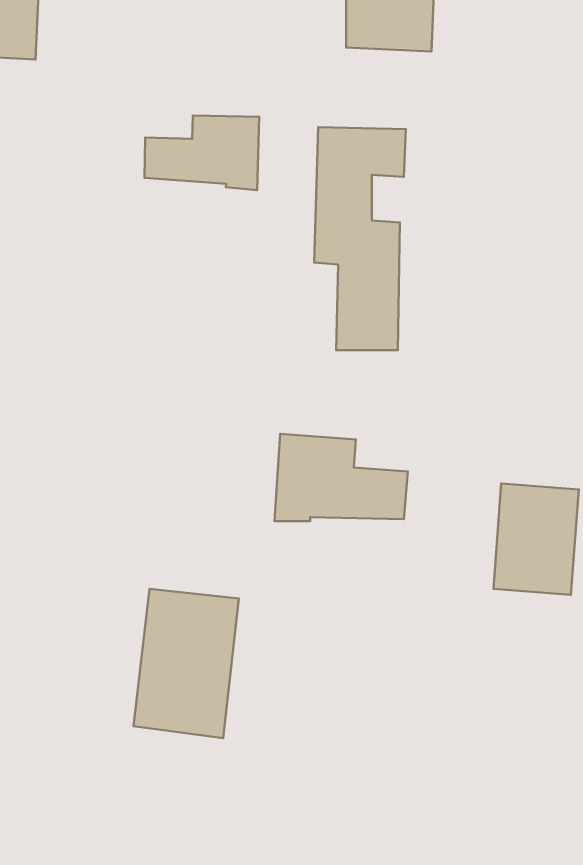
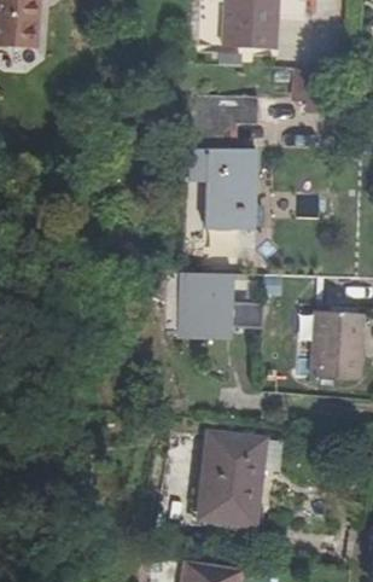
building: [145,115,259,190] -> none
building: [133,589,239,738] -> [198,433,262,524]

